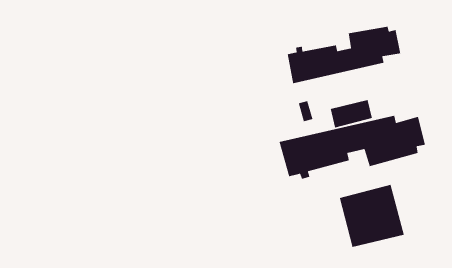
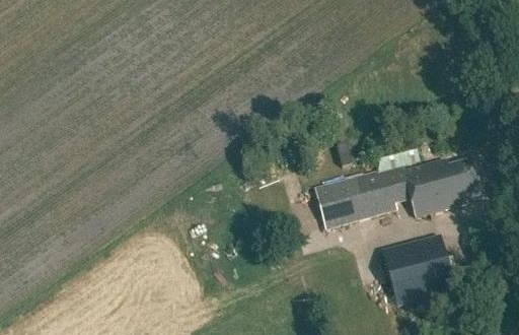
building: [287,26,401,84] -> none

